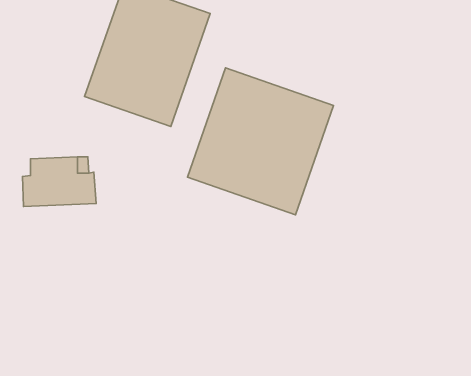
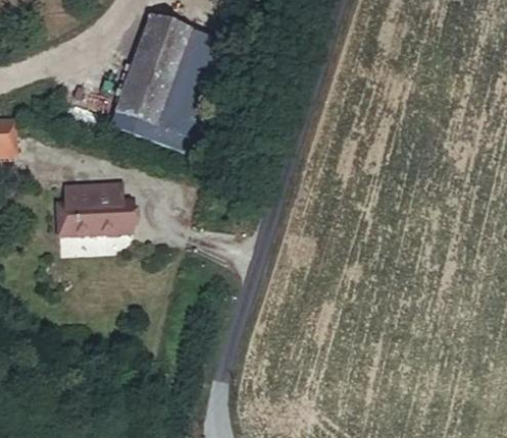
building: [188,68,334,215] -> none

